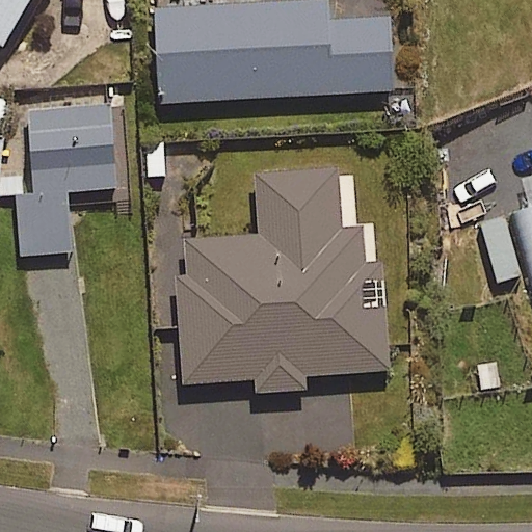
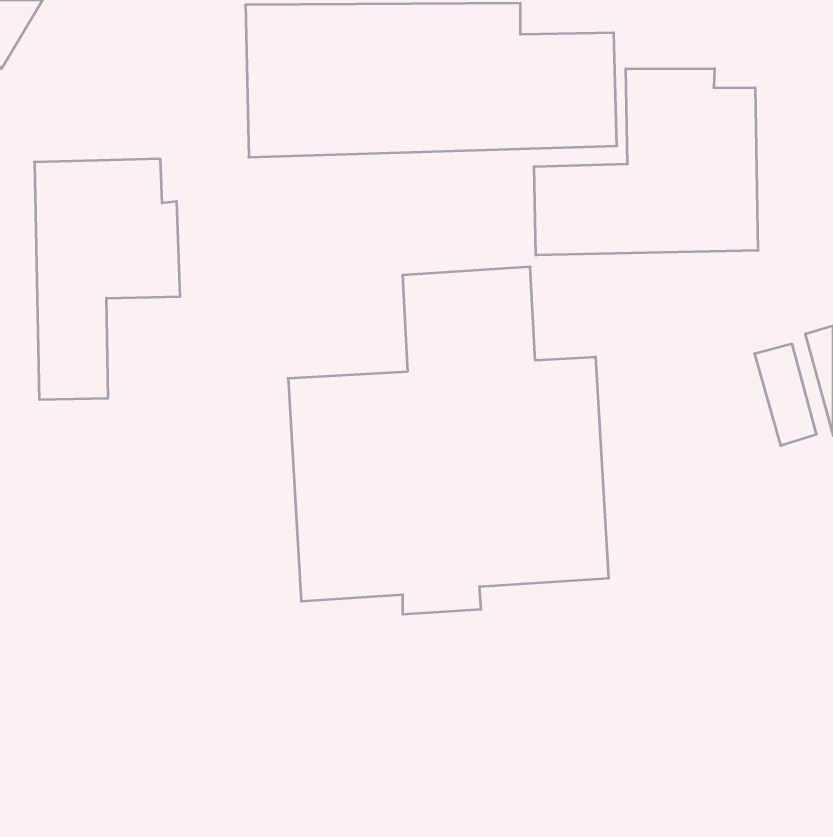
building: none -> [534,69,758,255]

